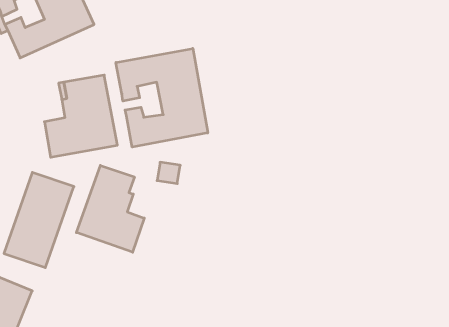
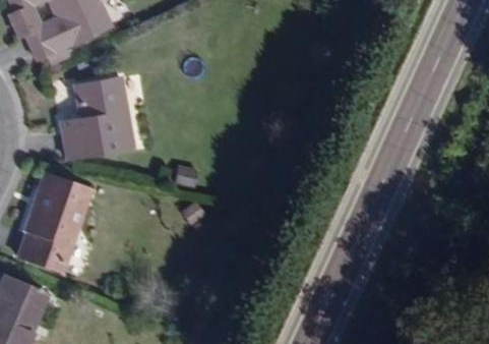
building: [116,48,208,147] -> none
building: [76,165,144,252] -> none

